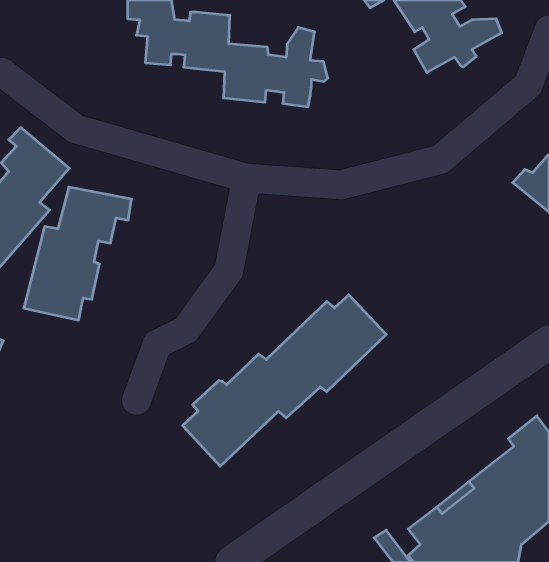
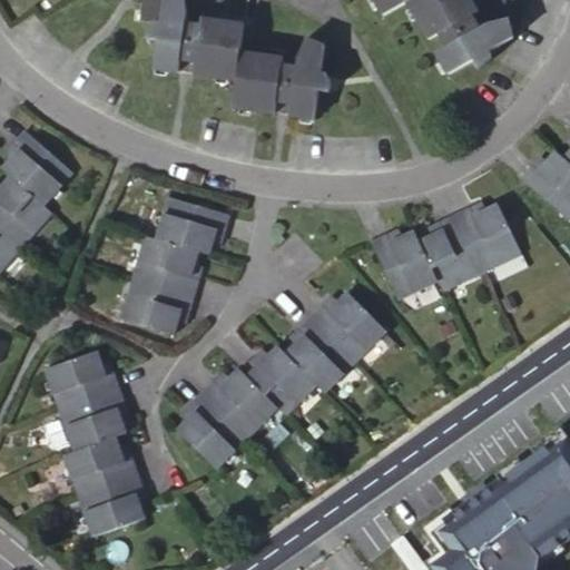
building: [24,187,132,320] -> [124,193,233,327]
building: none -> [370,210,521,305]
building: none -> [46,346,157,537]

